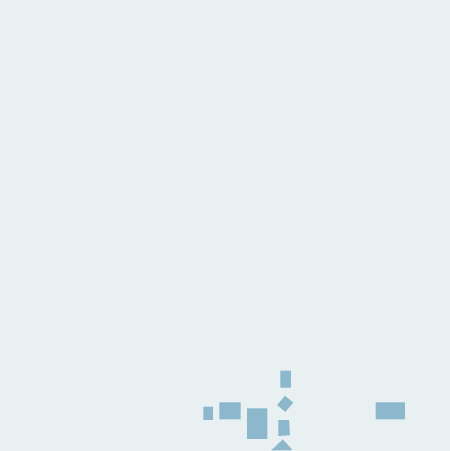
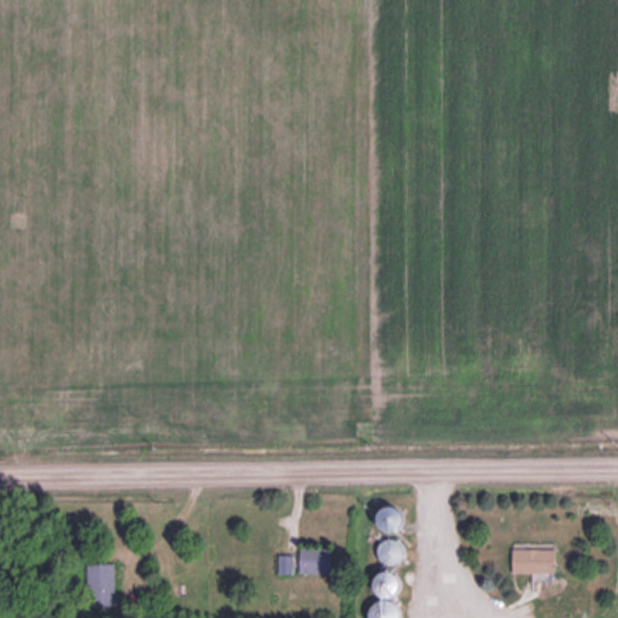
building: [246,408,268,440] -> none
building: none -> [86,565,113,607]

